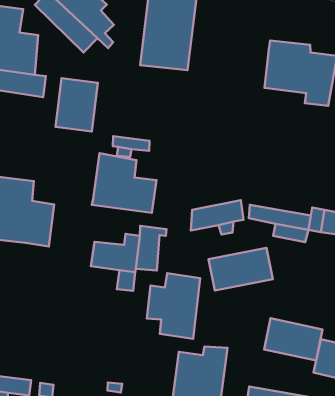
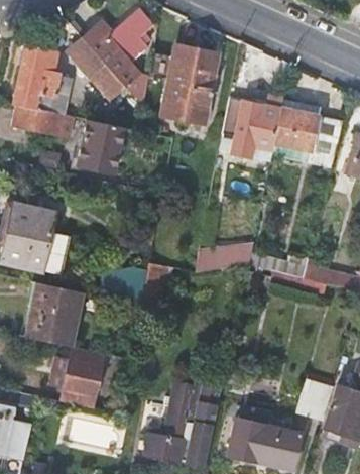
building: none -> [222,99,281,155]
building: [92,153,157,213] -> none
building: [208,248,273,290] -> none
building: none -> [22,281,83,346]
building: [147,273,200,339] -> [52,347,105,409]
building: [264,318,323,361] -> none

